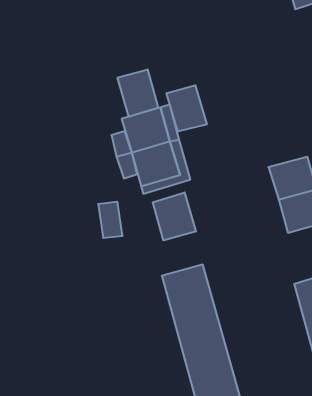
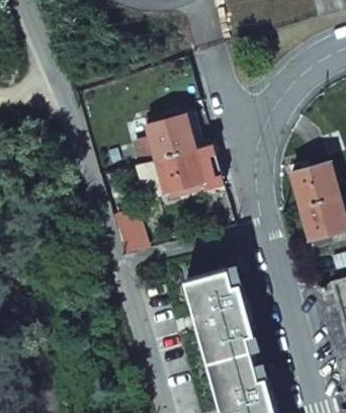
building: [118,69,158,117] -> none
building: [167,85,207,131] -> none
building: [153,192,196,240] -> none

